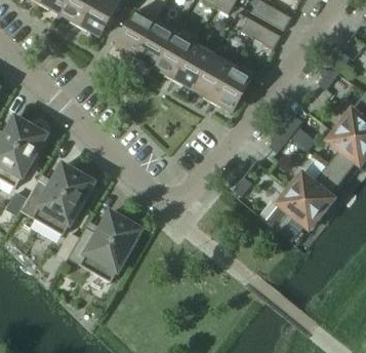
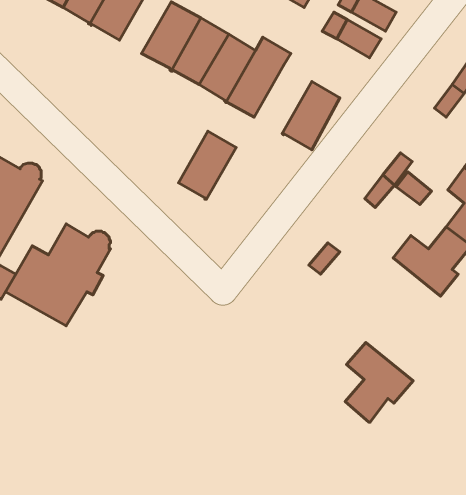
building: [193,53,233,101] -> [178,131,236,199]
building: [275,187,322,242] -> [345,342,413,422]
building: [68,210,140,281] -> none

